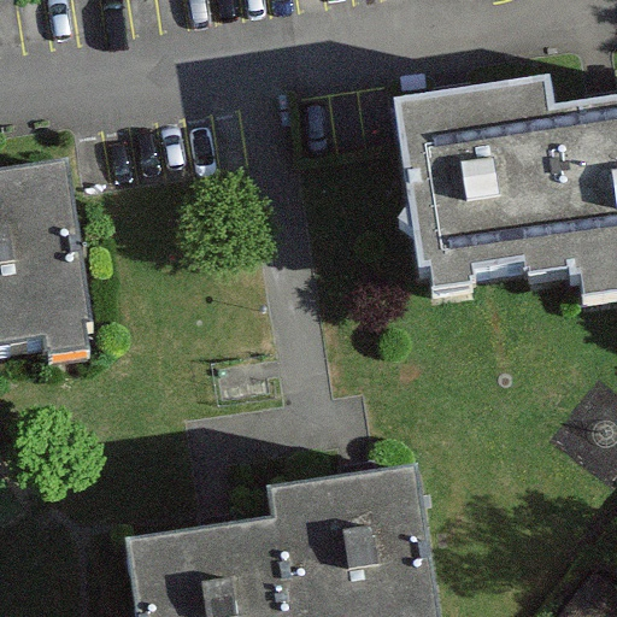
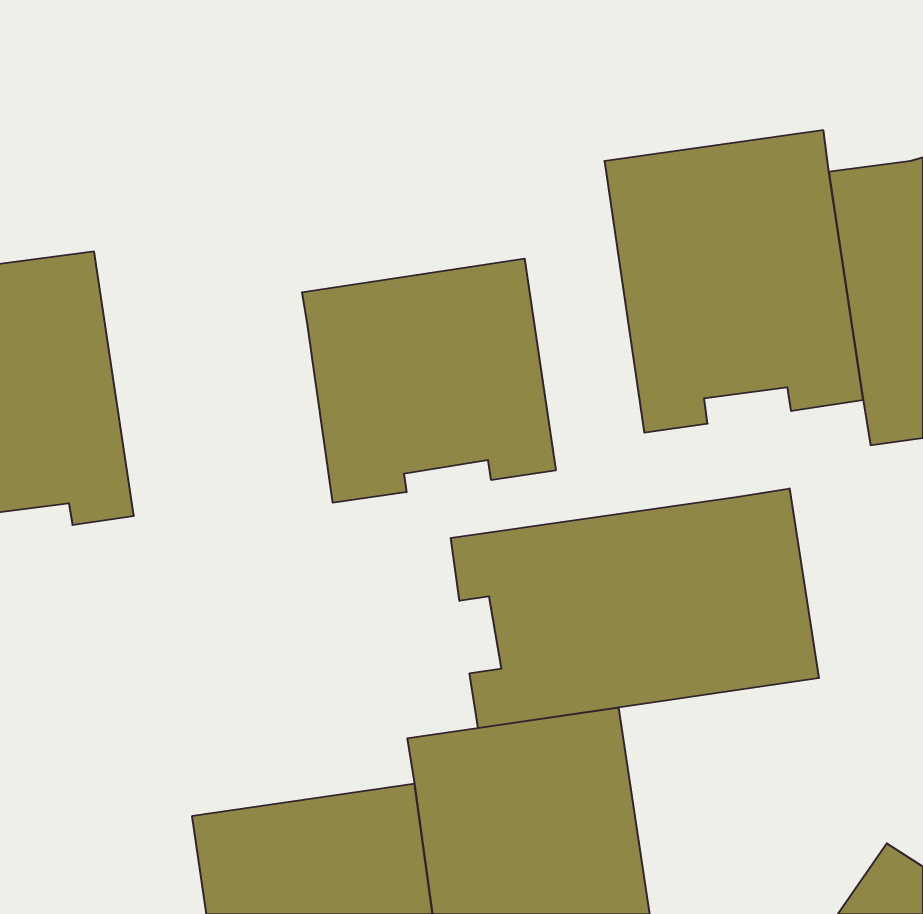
building: none -> [302,259,556,503]
building: none -> [451,488,819,728]

